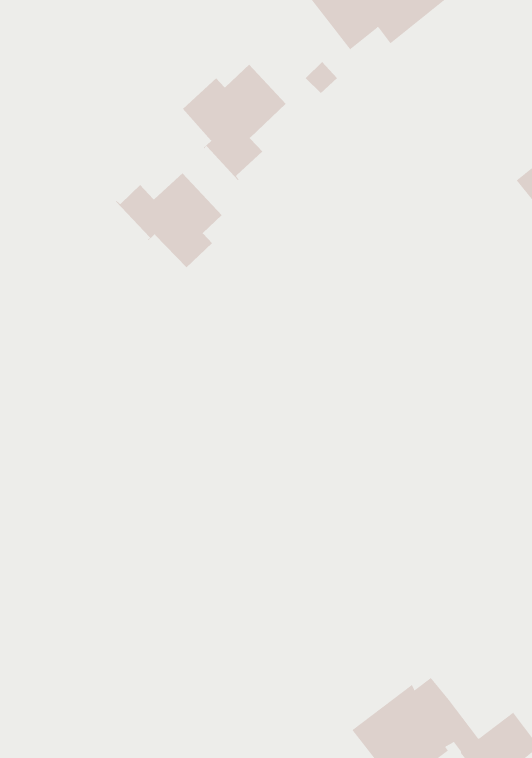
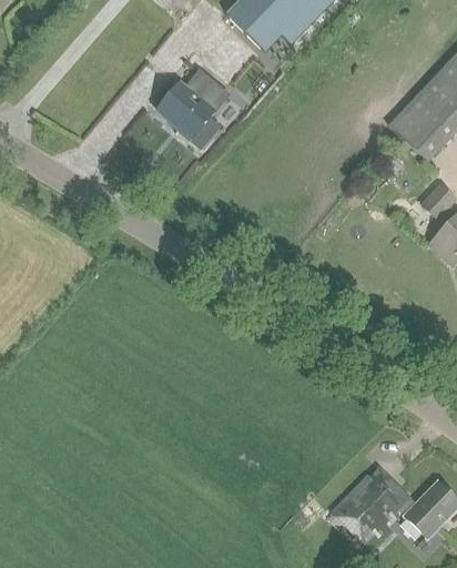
building: [115,173,222,268] -> none

